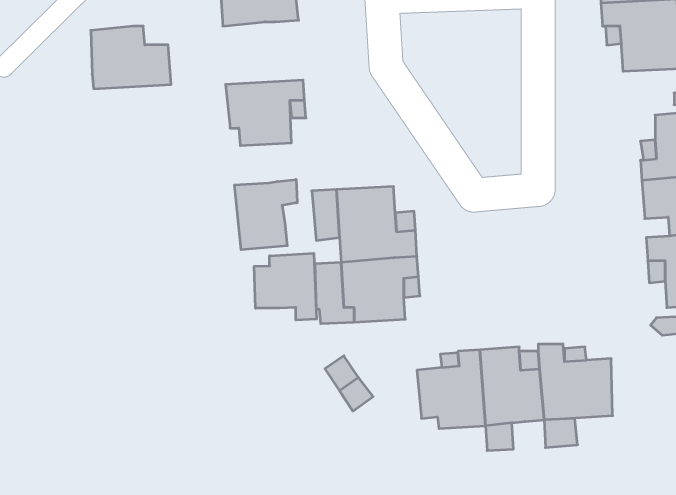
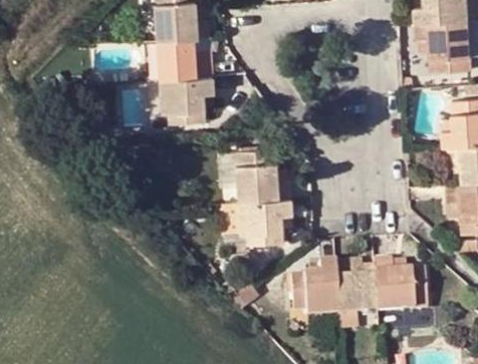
building: [91,26,171,89] -> [156,36,211,79]
building: [235,179,297,250] -> none
building: [254,253,317,320] -> none

